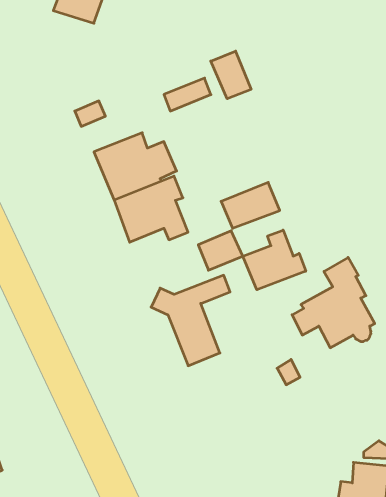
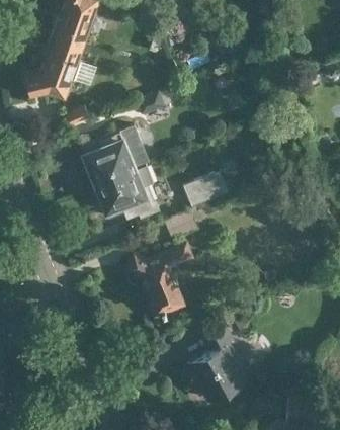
building: none -> [25,36,82,100]
building: [211,51,251,99] -> none
building: [243,230,306,290] -> none
building: [292,257,375,348] -> [179,330,245,402]

